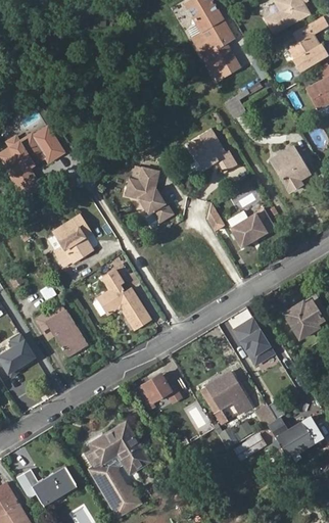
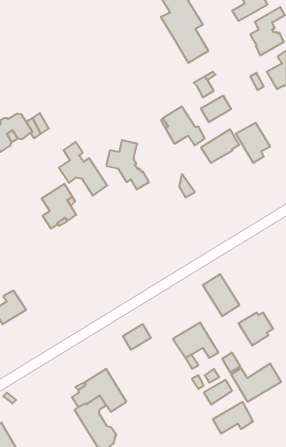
building: none -> [201,96,231,122]
building: [232,209,275,247] -> [201,129,239,163]
building: [95,270,149,330] -> [59,142,107,196]
building: [284,300,323,337] -> [238,313,273,345]
building: [35,302,86,358] -> none
building: none -> [213,402,253,434]
building: [24,467,75,504] -> none

